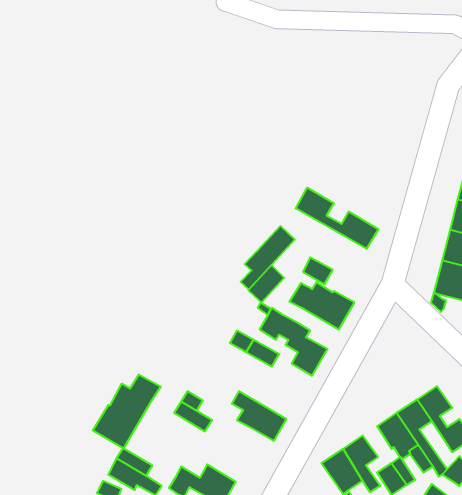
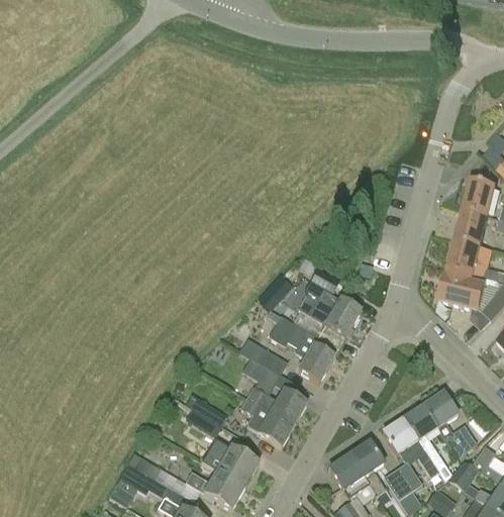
building: [296,188,378,249] -> none
building: [241,226,295,290] -> none
building: none -> [242,355,281,385]
building: [93,374,161,449] -> none
building: none -> [248,389,308,424]
building: none -> [202,438,259,486]

